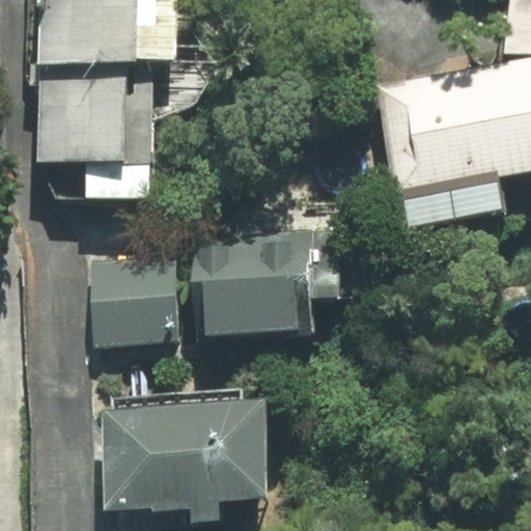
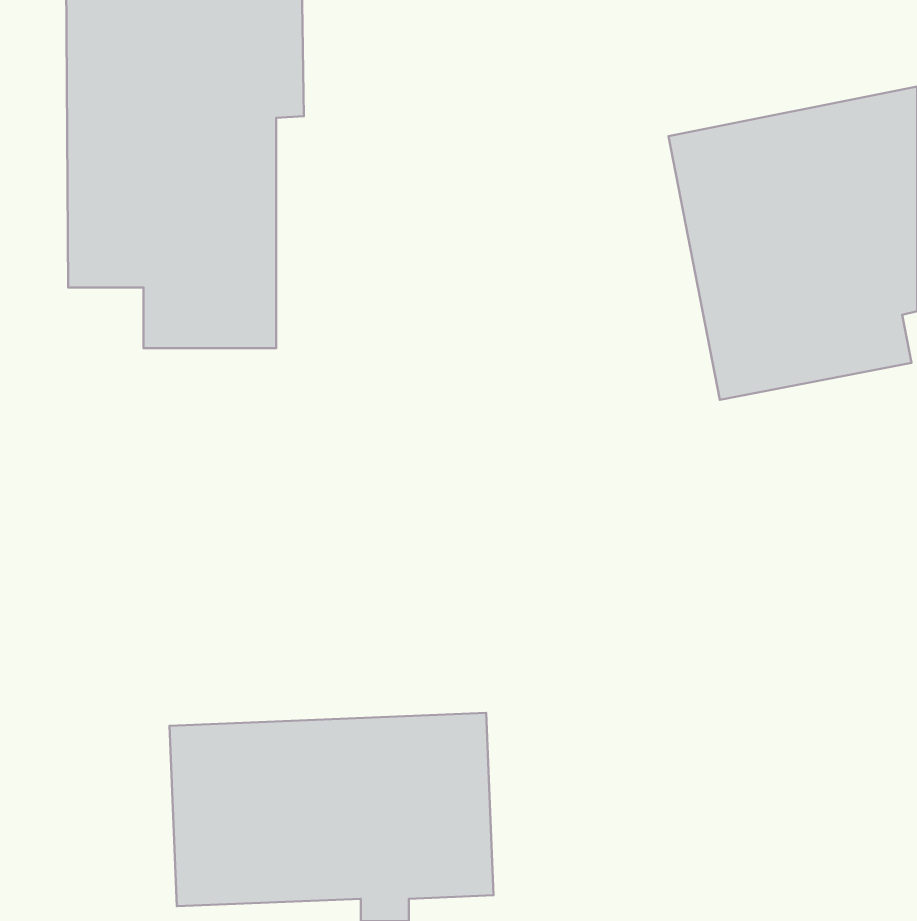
building: [193,234,354,340] -> none
building: [84,256,183,346] -> none

